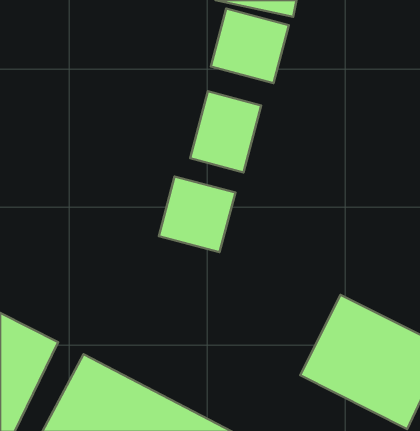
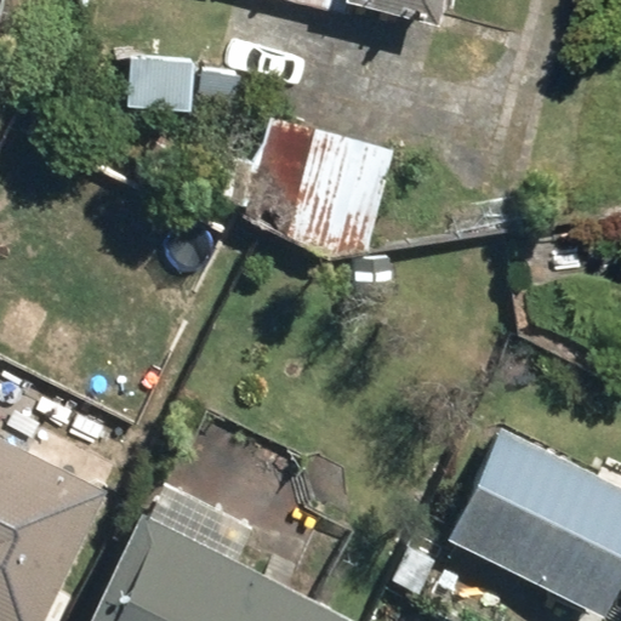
building: [211,9,289,83] -> none
building: [159,177,235,252] -> none

